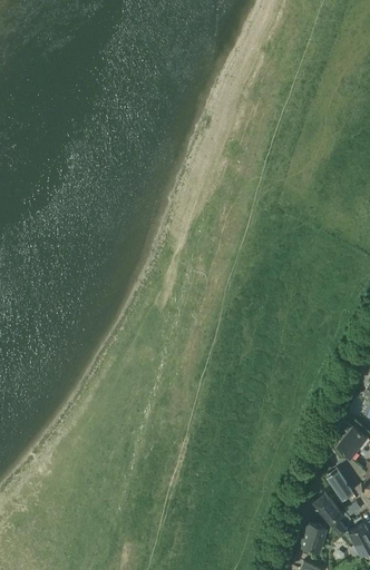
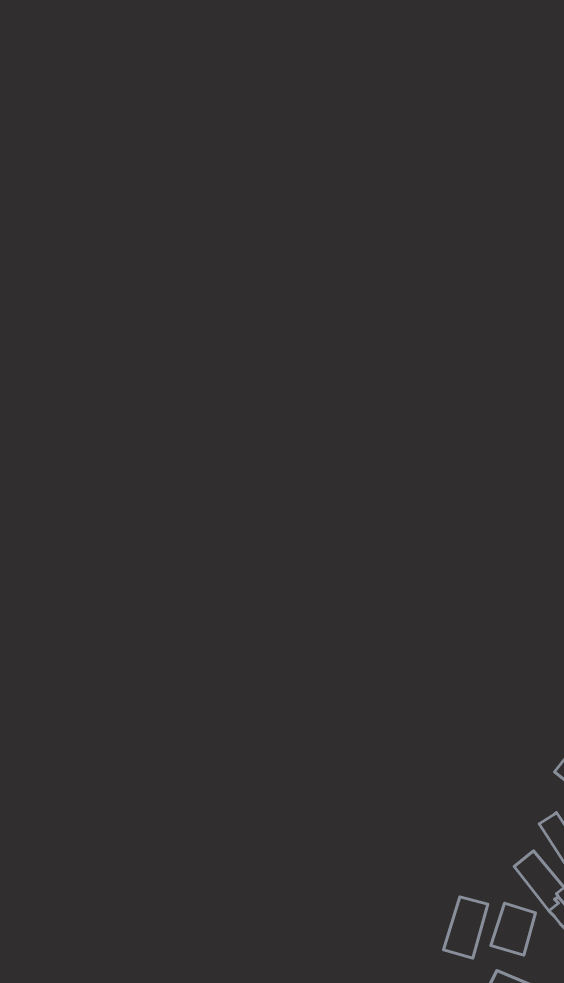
building: none -> [444,897,488,958]

